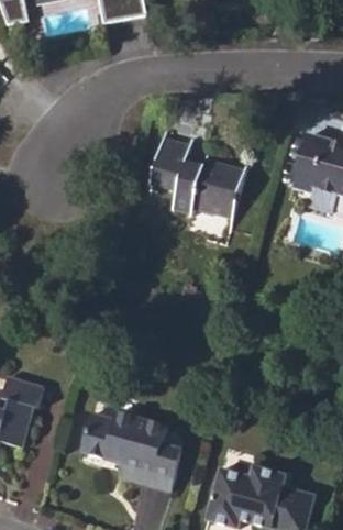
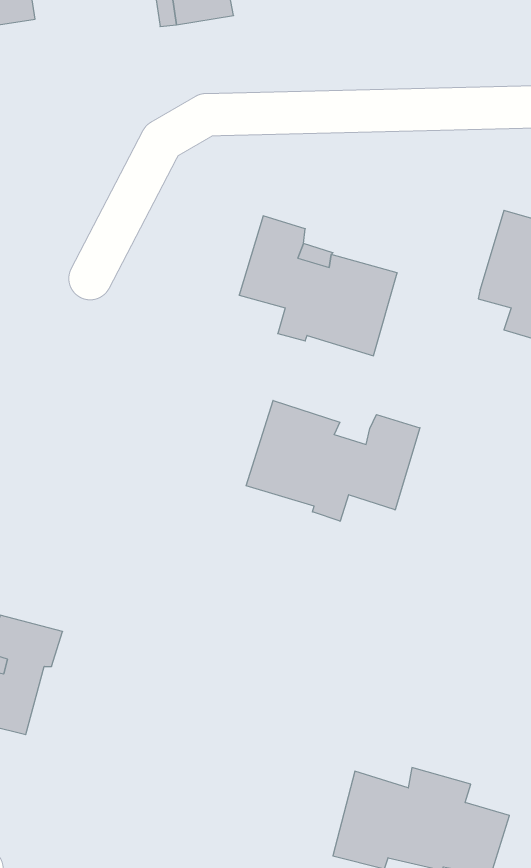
building: none -> [246,400,420,521]
building: [81,408,180,488] -> none

